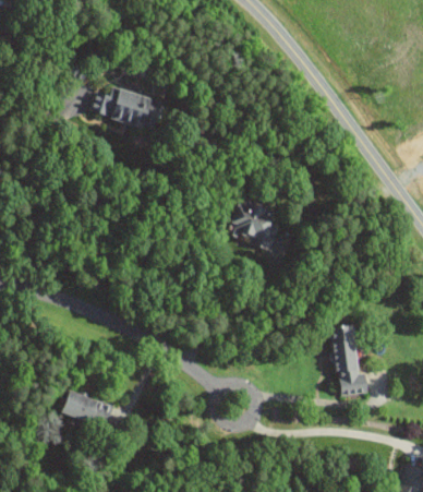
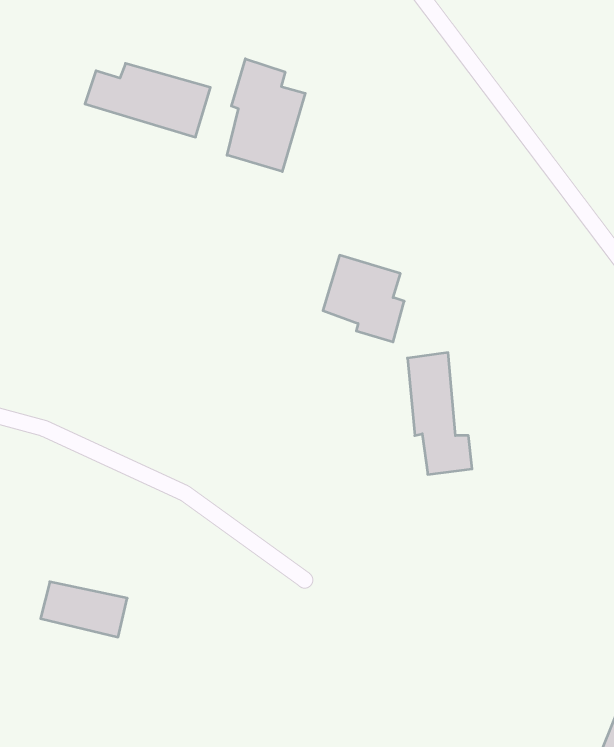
building: none -> [227,59,305,172]
building: [330,324,368,396] -> [407,353,472,474]

